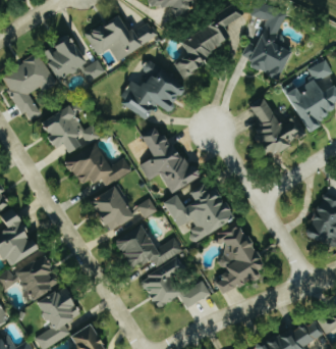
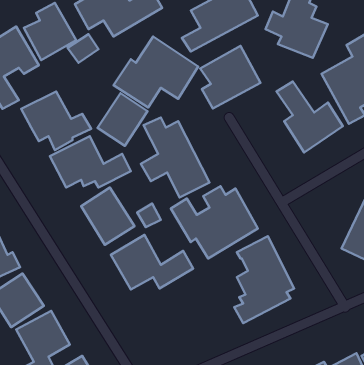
building: none -> [200,46,260,108]
building: none -> [98,93,148,146]
building: [138,258,209,309] -> none

